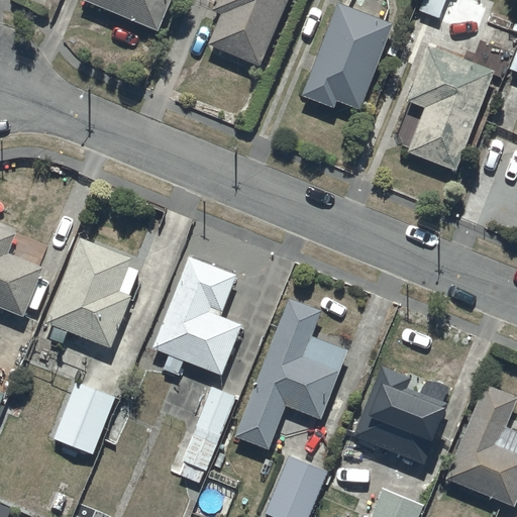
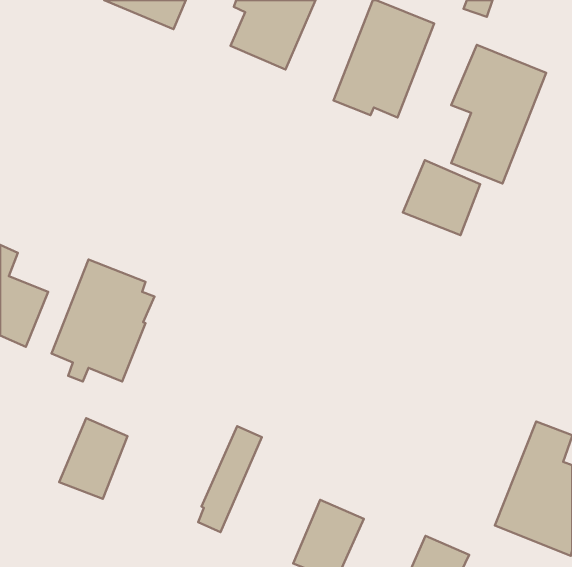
building: none -> [403,160,480,235]
building: [151,256,242,377] -> none
building: [235,298,338,449] -> none
building: [352,365,449,464] -> none

